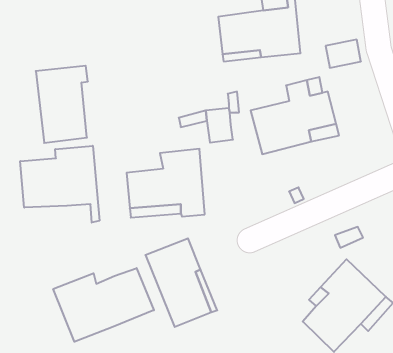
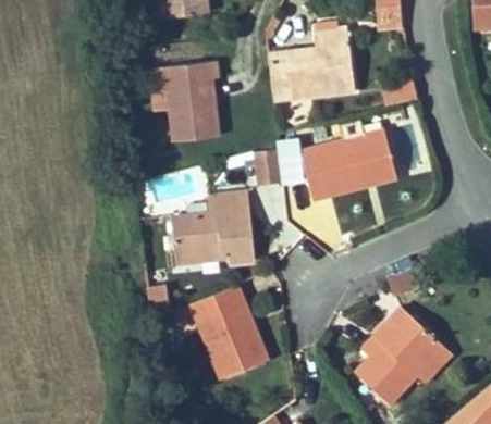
building: [36,66,88,143] -> [164,62,219,142]
building: [20,146,99,223] -> none
building: [53,268,154,342] -> none

